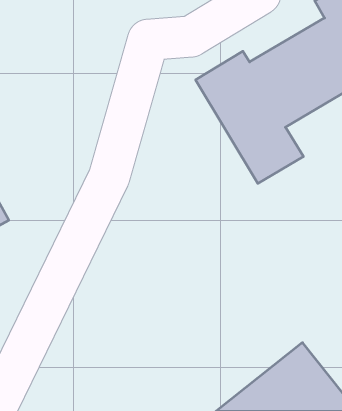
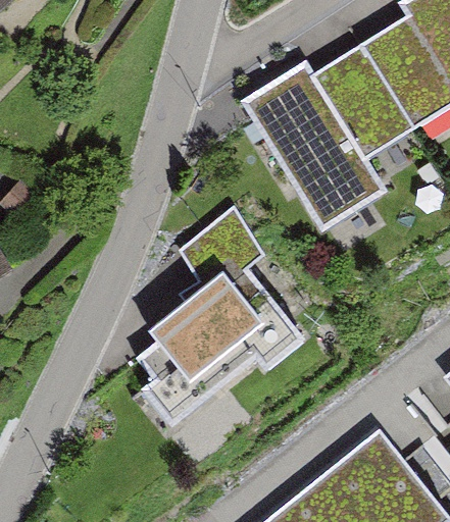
building: none -> [139,207,304,425]

